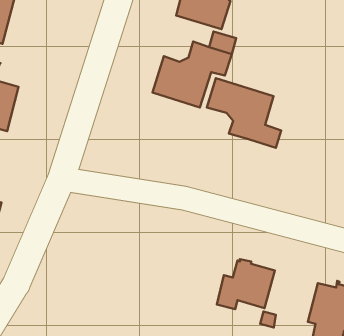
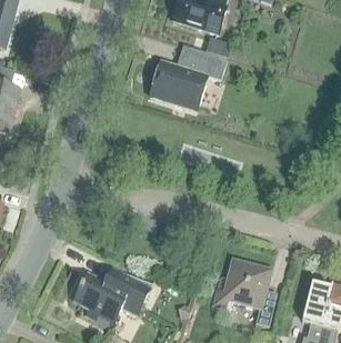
building: [207,78,281,148] -> none
building: none -> [74,268,152,325]

